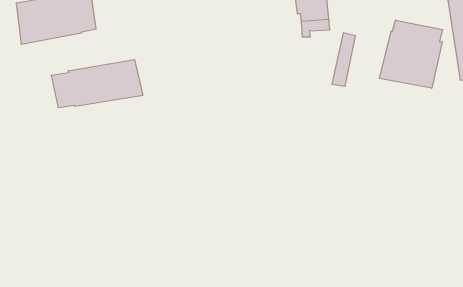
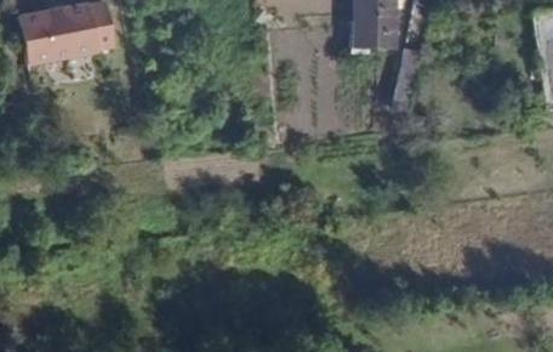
building: [380,20,443,88] -> none
building: [51,59,143,108] -> none

